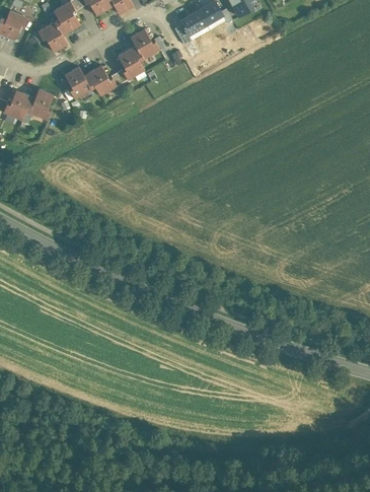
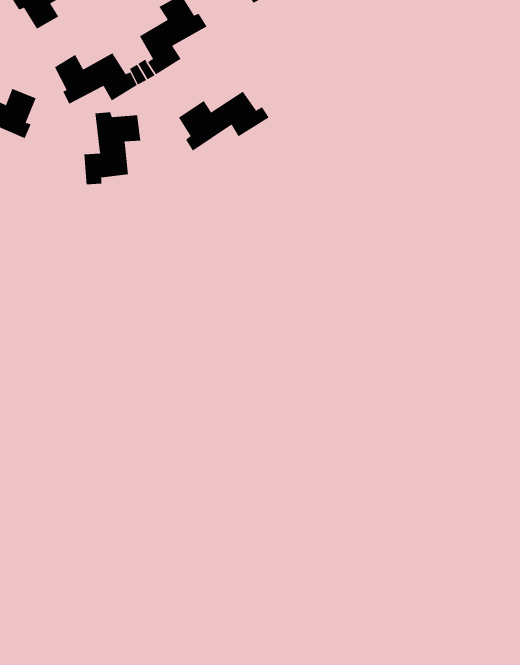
building: none -> [178,91,269,151]
building: none -> [84,112,141,185]

